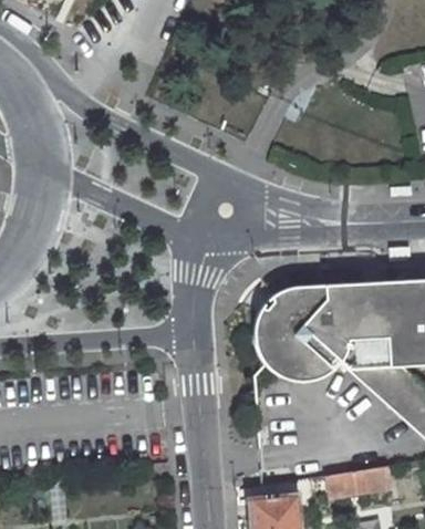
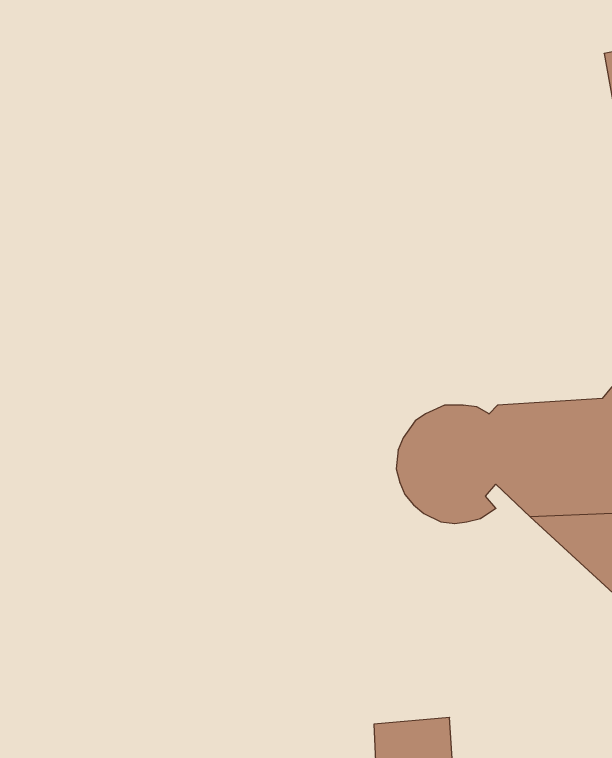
building: [330,464,394,499] -> none

